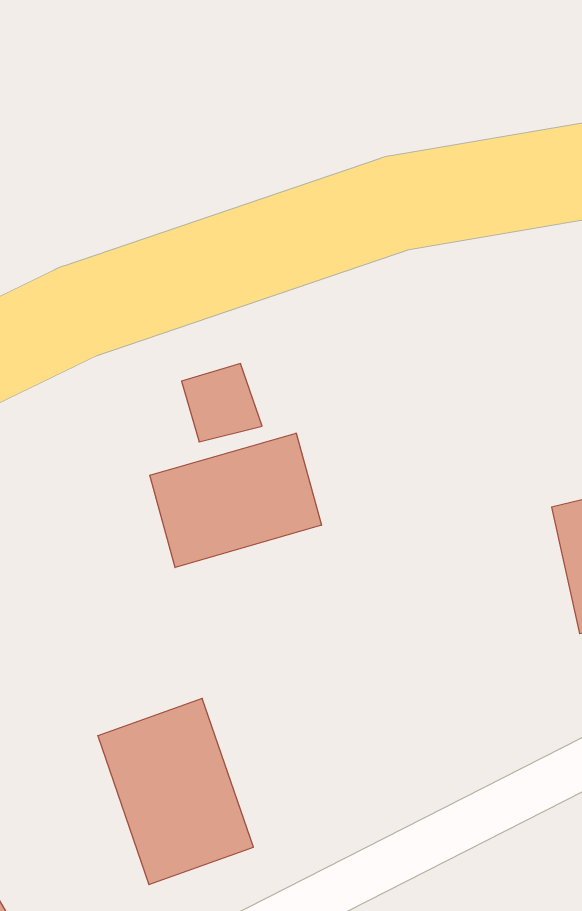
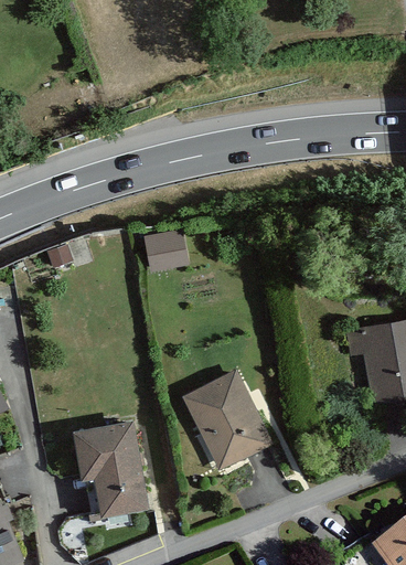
building: [150,433,321,568] -> none
building: none -> [182,370,276,476]

